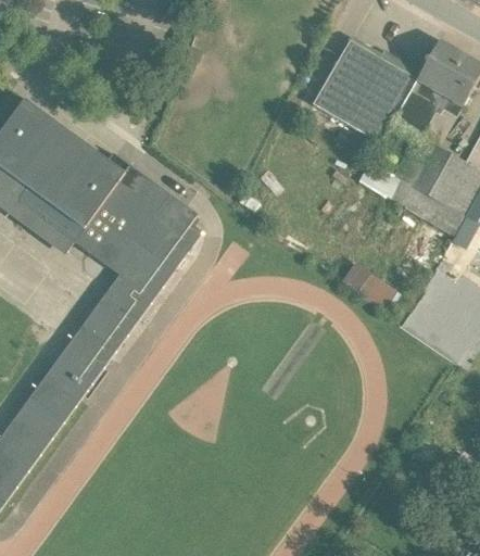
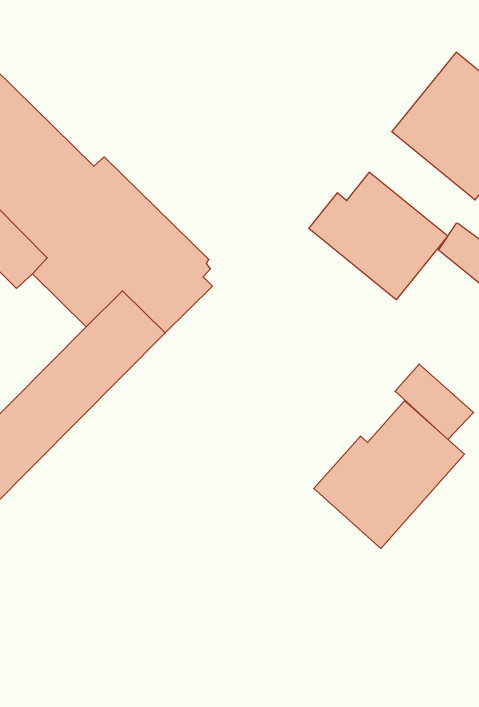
building: none -> [309,172,448,300]
building: none -> [314,401,464,549]

